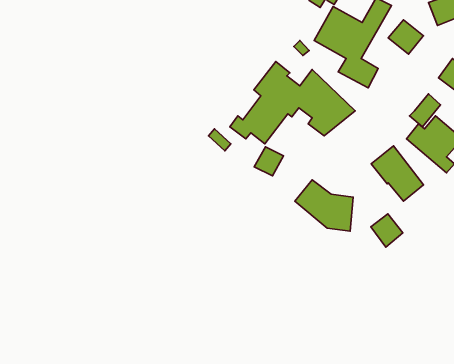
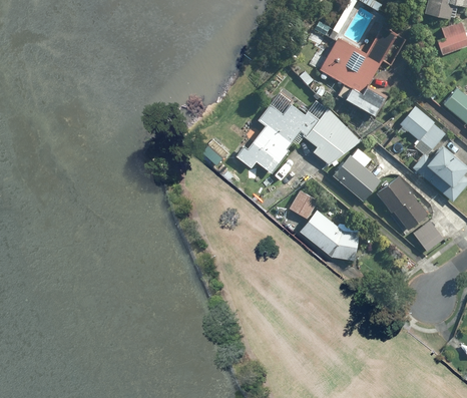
building: [388,20,423,54] -> [400,106,435,140]
building: none -> [333,149,381,202]
building: [254,147,283,176] -> [290,190,319,220]
building: [371,214,403,247] -> [413,220,445,253]

